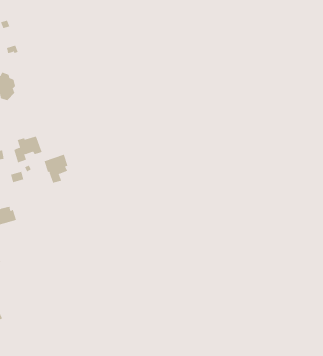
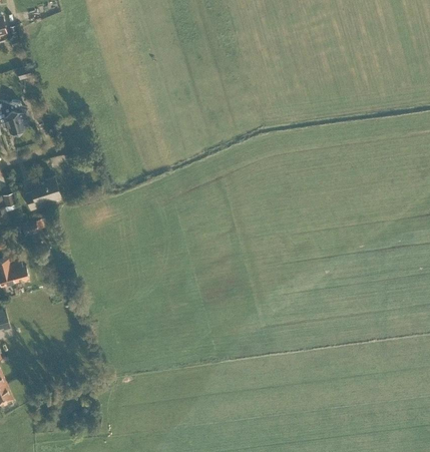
building: [44,154,68,183] -> none

